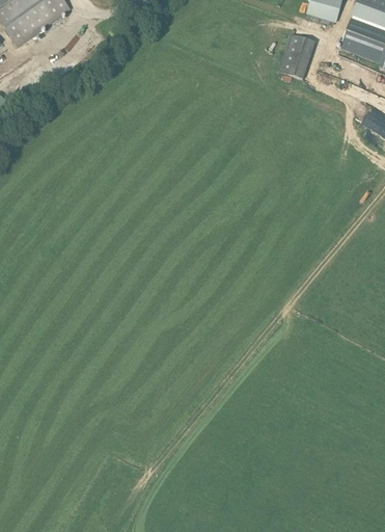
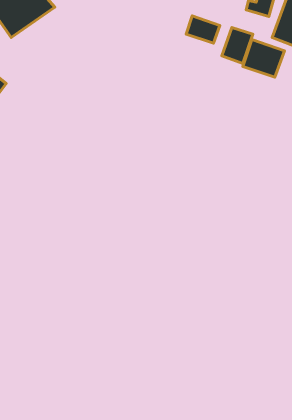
building: none -> [186,16,220,43]
building: none -> [243,40,284,77]

